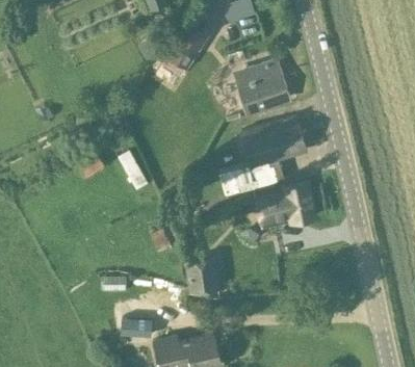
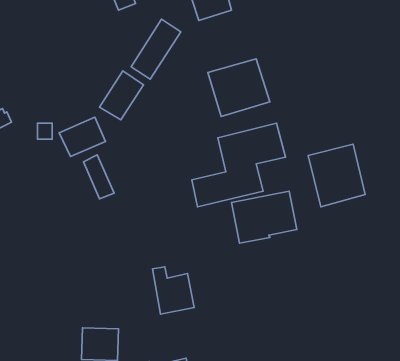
building: none -> [99,71,144,120]
building: none -> [59,117,105,156]
building: none -> [308,144,365,207]

